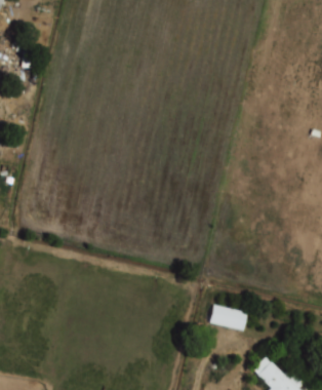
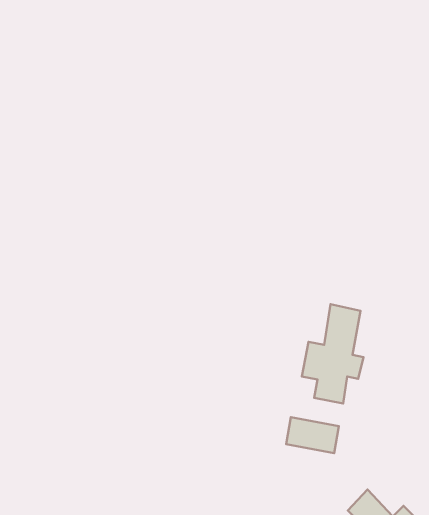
building: none -> [302,304,364,403]

